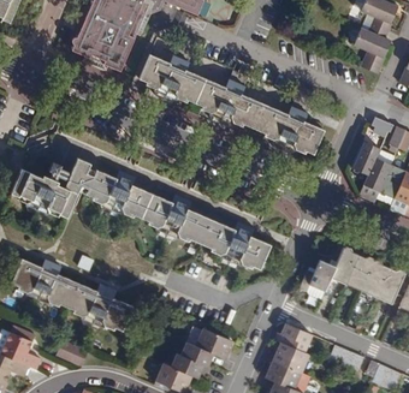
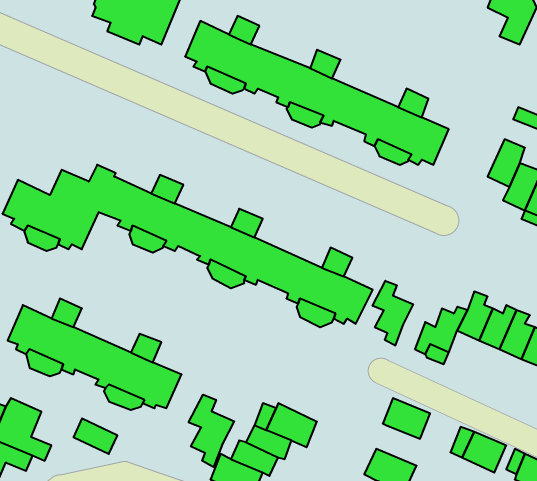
building: none -> [373,281,413,346]
building: none -> [189,395,234,467]
building: [273,341,309,370] -> none

